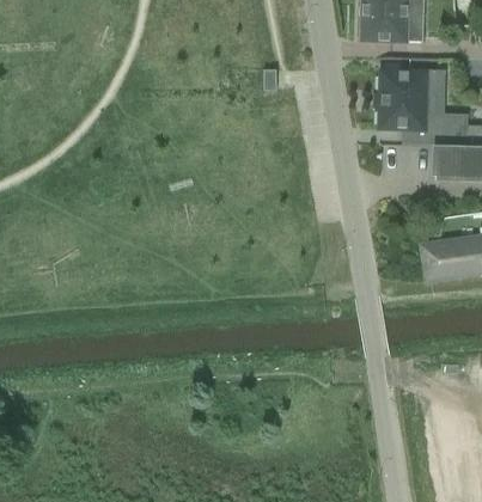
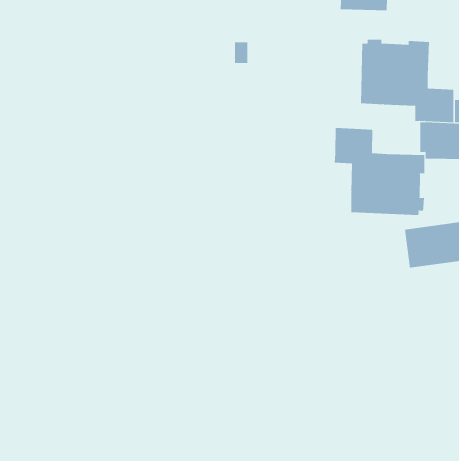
building: none -> [334,127,425,216]

